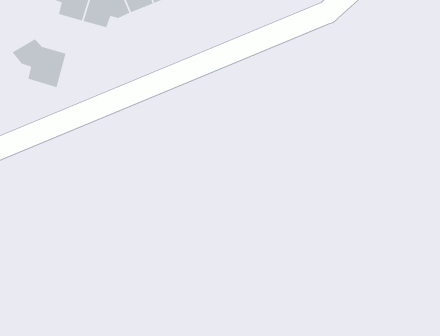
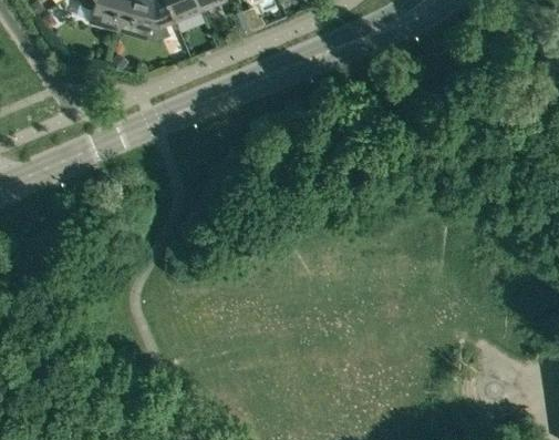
building: [12,39,66,88] -> none

